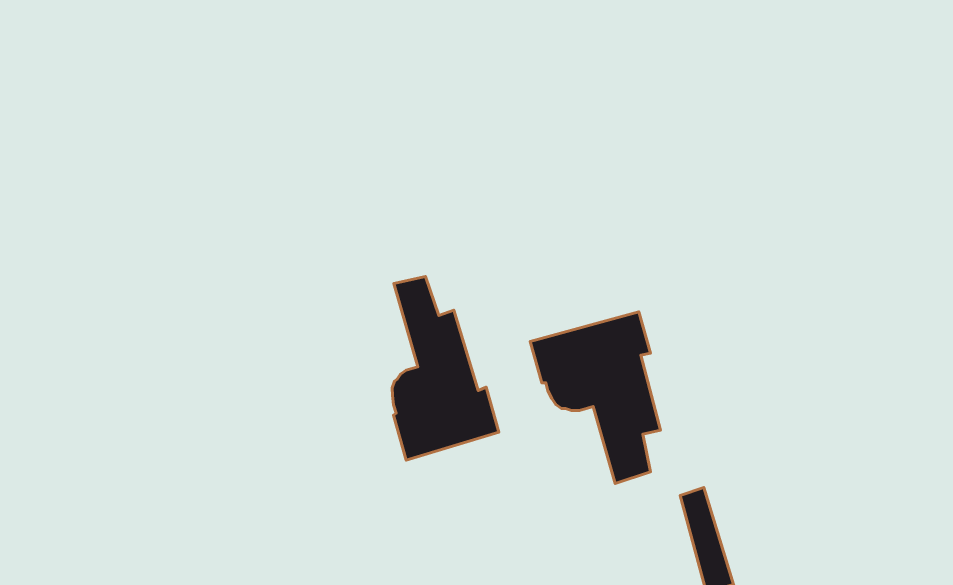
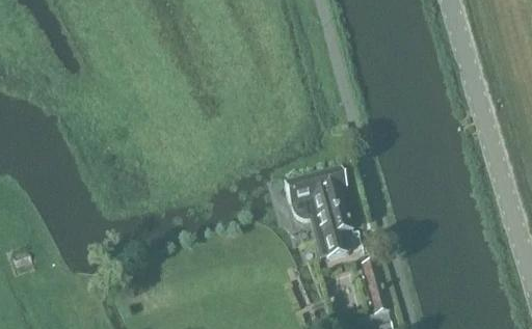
building: [392,276,499,460] -> none

